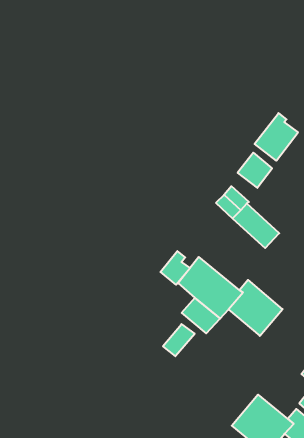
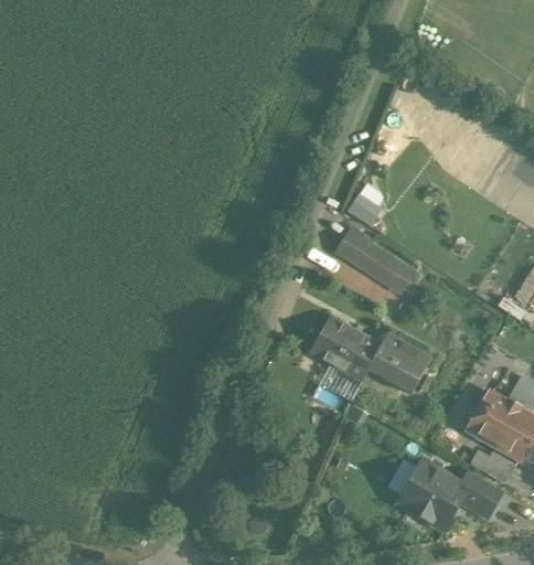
building: [255,113,298,161] -> none
building: [160,251,190,285] -> none
building: [163,324,195,356] -> none

